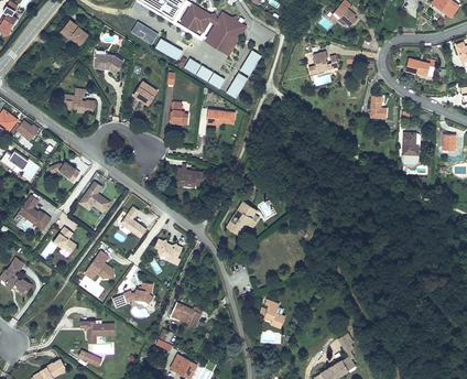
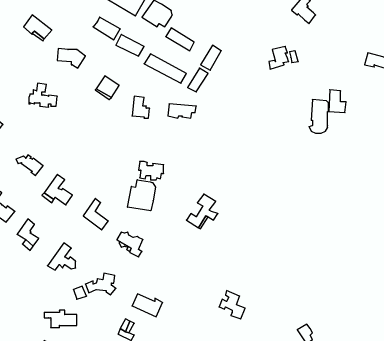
building: [210,12,246,46] -> none
building: [401,132,421,166] -> [309,100,329,133]
building: none -> [128,180,155,211]

